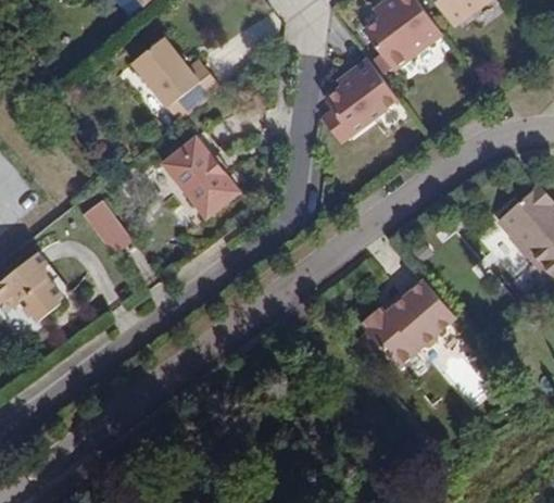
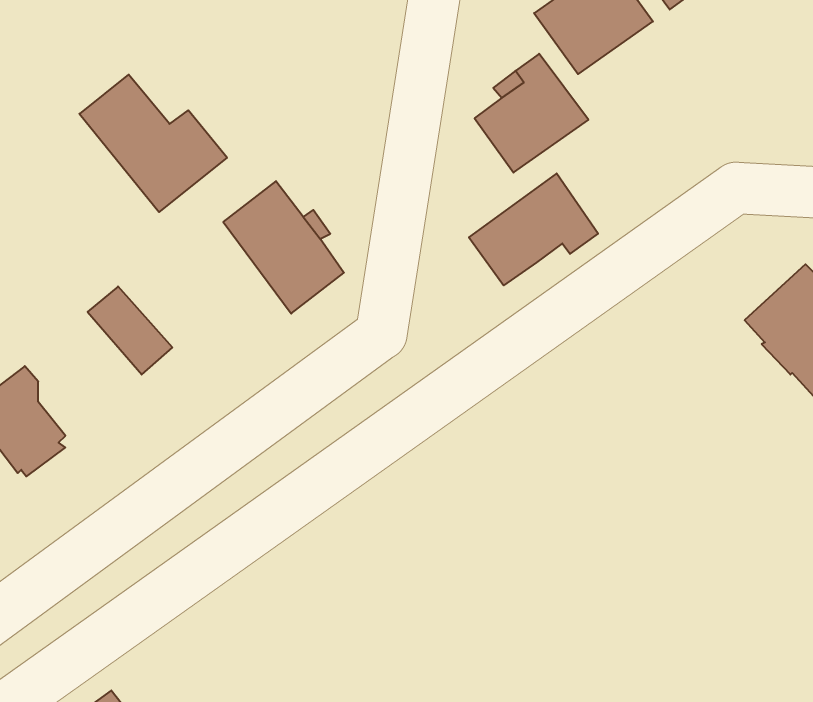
building: [128,35,223,123] -> [79,75,227,212]
building: none -> [469,173,598,285]
building: [363,280,457,373] -> none

